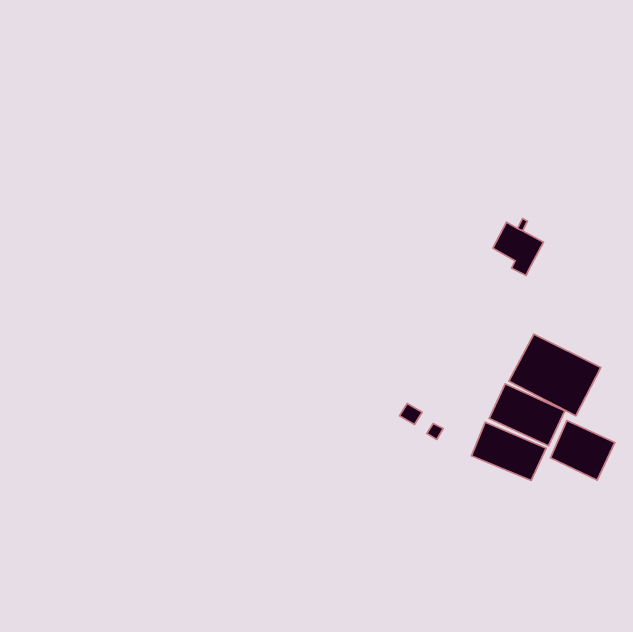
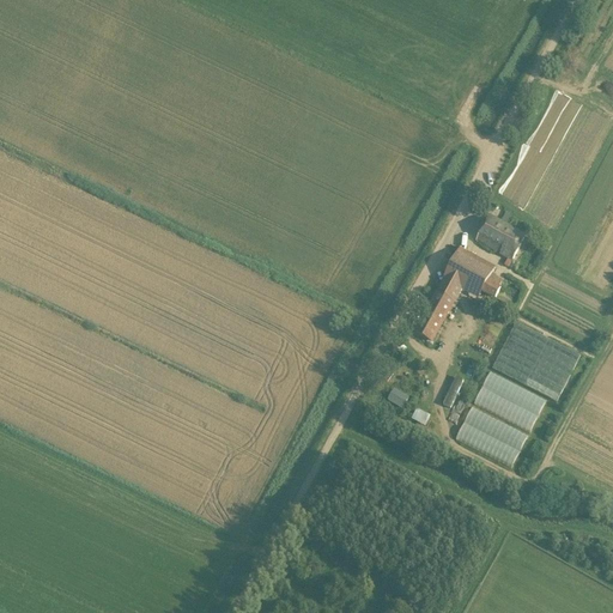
building: none -> [413,248,502,341]
building: [551,421,615,480] -> none

